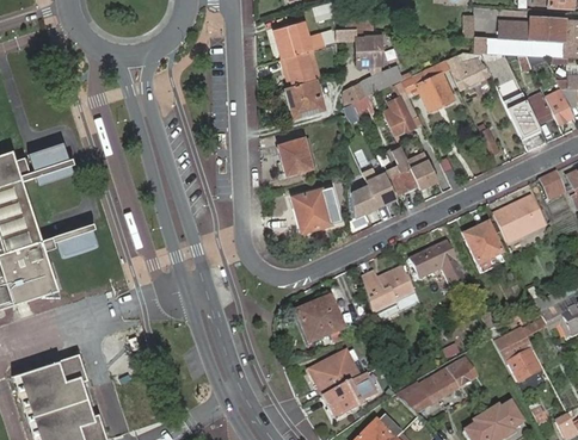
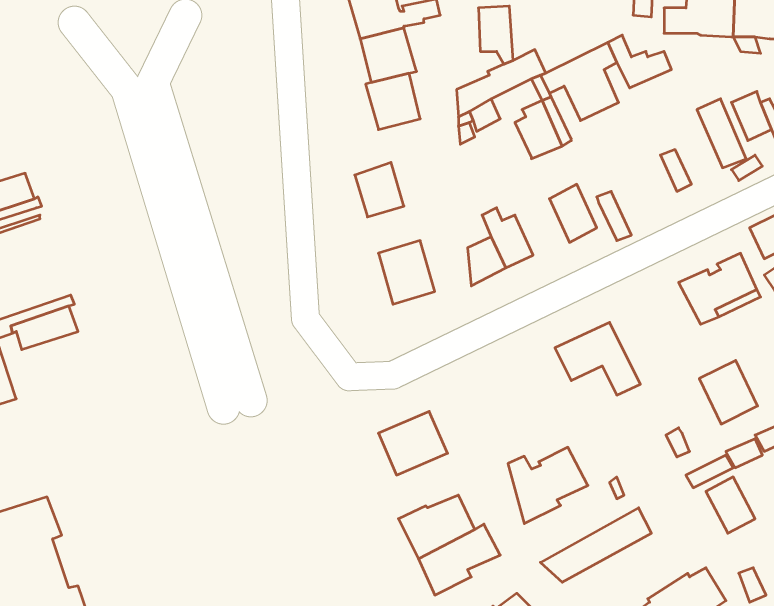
building: [388,140,414,192] -> none
building: [463,222,502,264] -> [699,360,758,424]
building: [363,264,416,314] -> [508,447,588,524]

